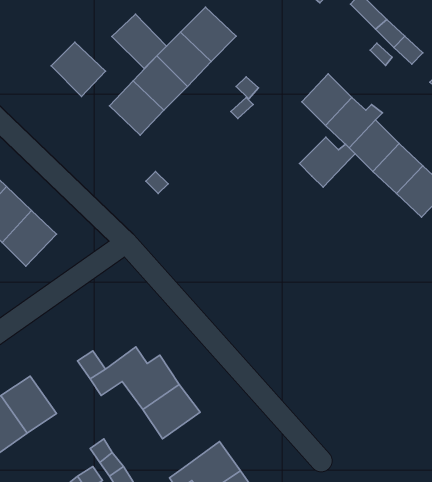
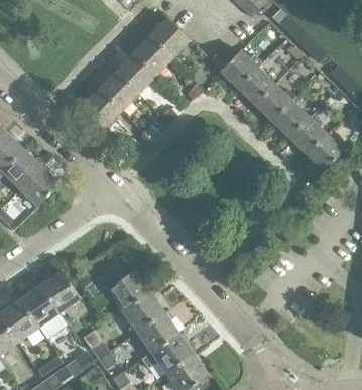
building: [112,14,166,69] -> none
building: [51,42,105,96] -> [81,91,120,130]
building: [299,137,355,187] -> [220,51,260,88]
building: none -> [40,271,80,313]
building: none -> [136,312,177,353]

